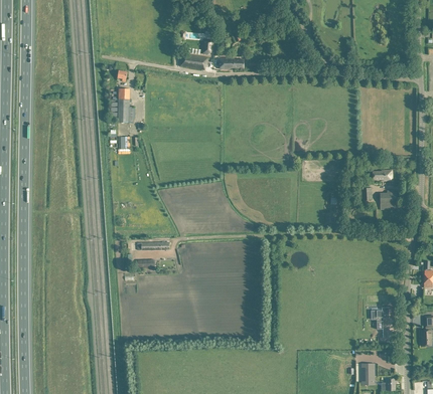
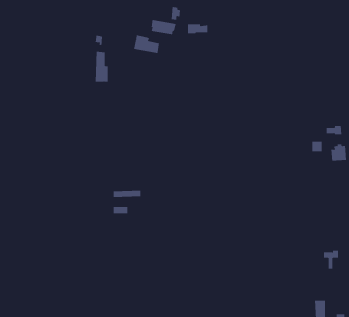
building: none -> [134,35,159,54]

